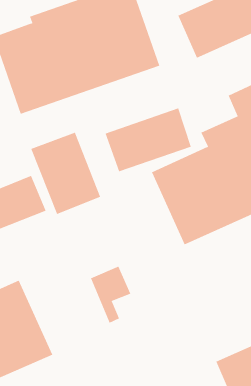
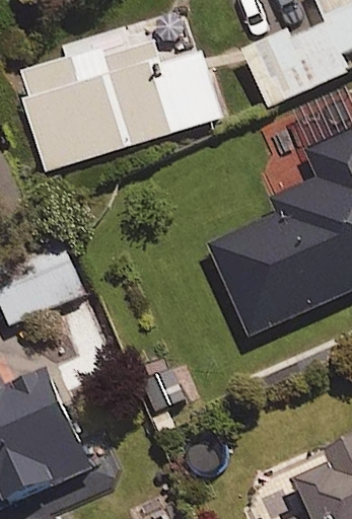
building: [105,107,191,172] -> none
building: [30,132,101,215] -> none

